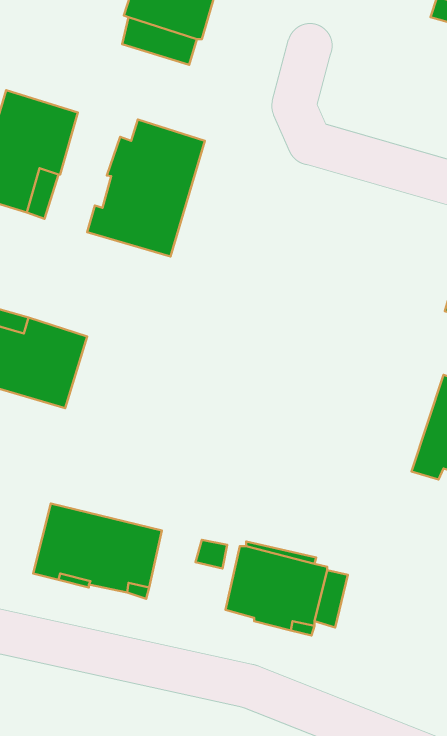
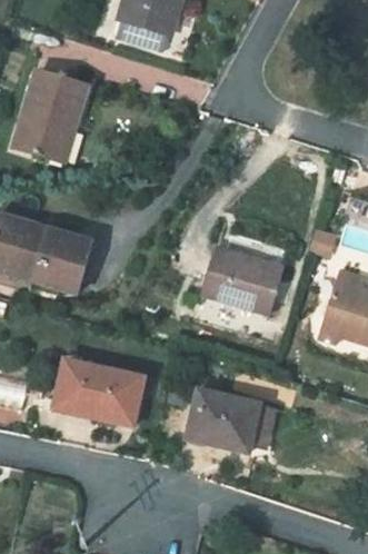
building: [87,119,205,256] -> none
building: none -> [203,249,281,313]

